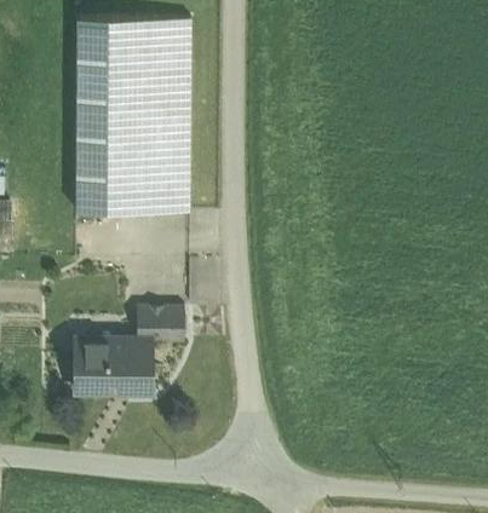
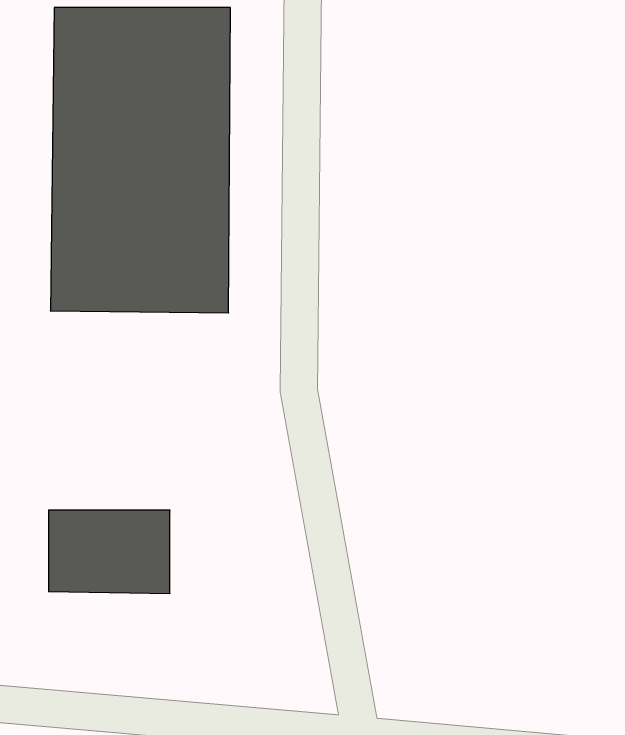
building: [138,310,183,341] -> none

